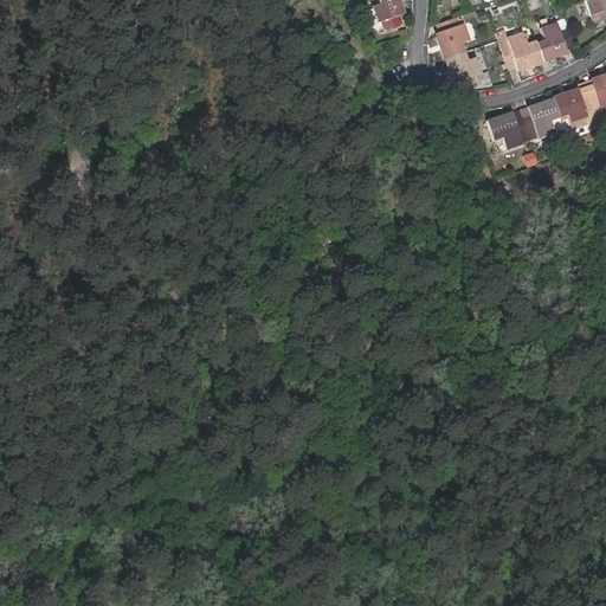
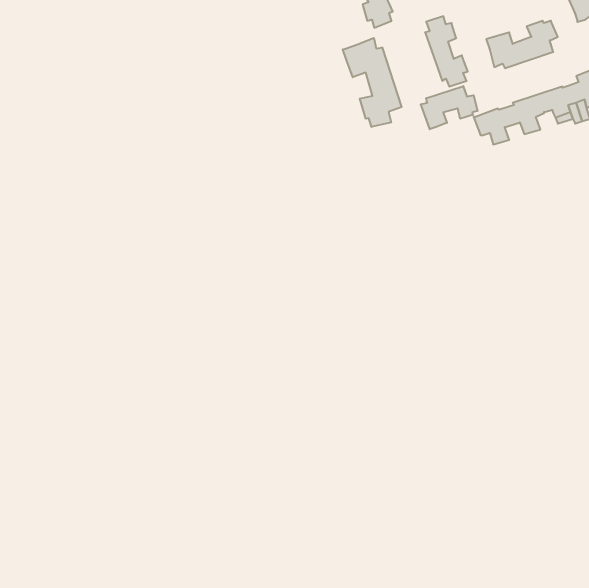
building: none -> [343,38,402,127]
building: none -> [421,86,478,129]

